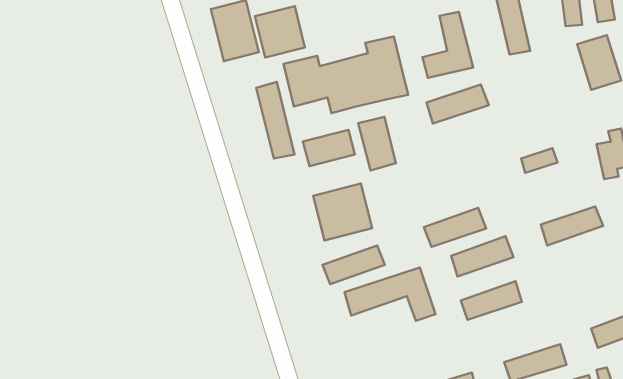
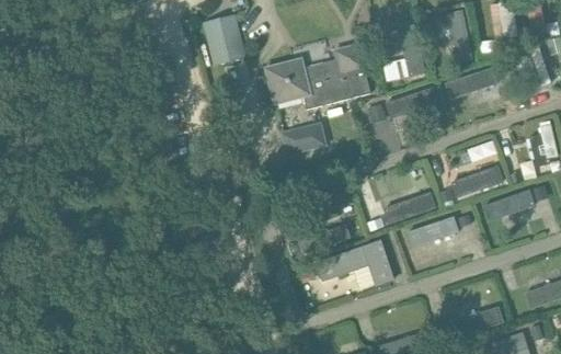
building: [255,6,305,57] -> none
building: none -> [445,67,497,99]
building: [256,82,295,158] -> none
building: [358,117,396,170] -> none
building: [313,184,372,240] -> none
building: [461,281,522,320] -> [451,163,503,196]

